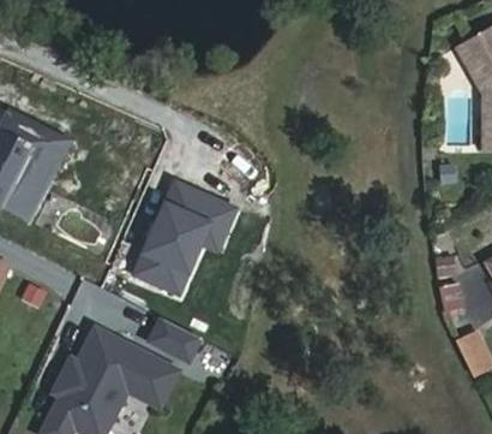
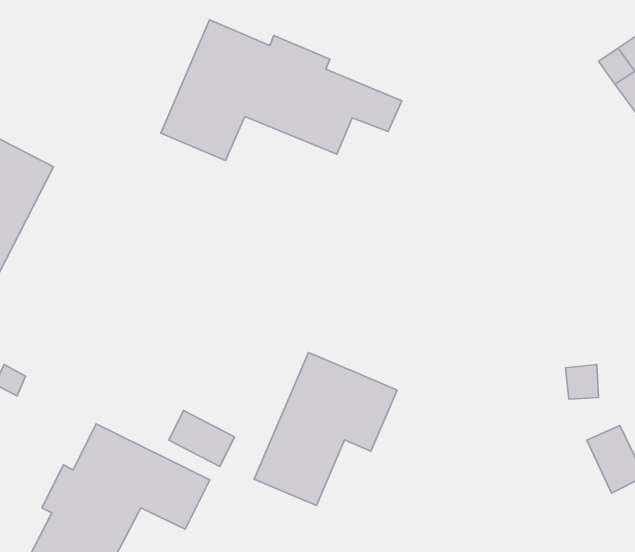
building: none -> [161,20,402,161]
building: [132,179,236,291] -> [254,352,397,506]

